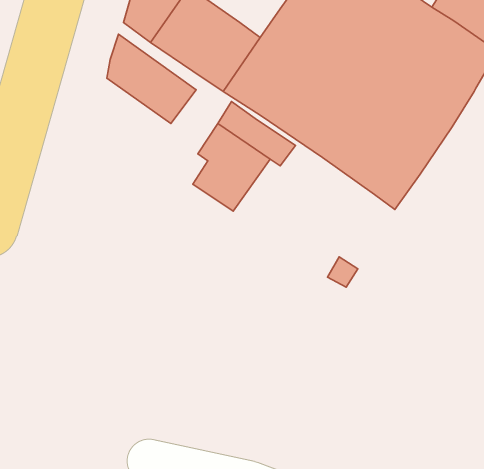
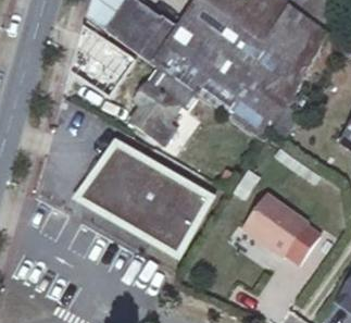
building: none -> [85,142,208,251]
building: none -> [242,191,308,254]

